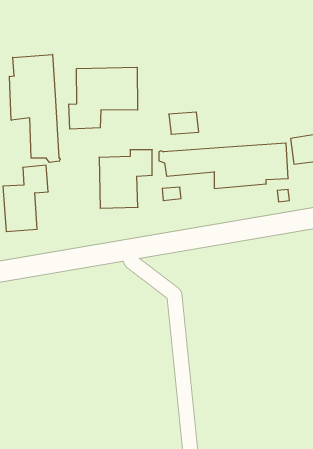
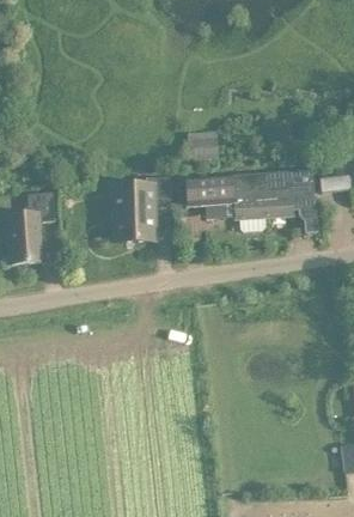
building: [9,54,60,162] -> none
building: [69,67,138,129] -> none

